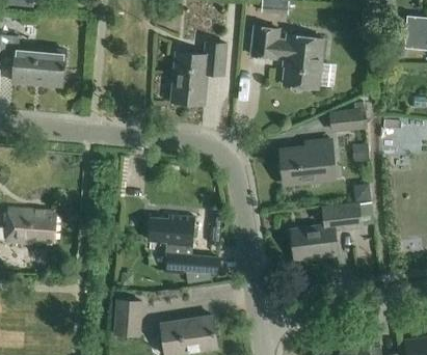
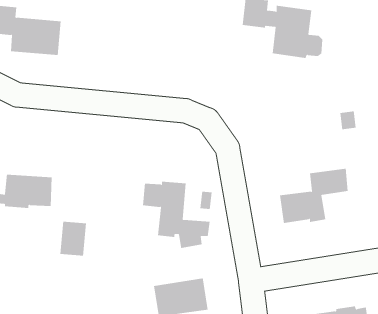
building: [171,43,226,105] -> none
building: [330,110,366,131] -> none
building: [281,141,333,184] -> none
building: [114,300,142,336] -> [60,221,87,256]

